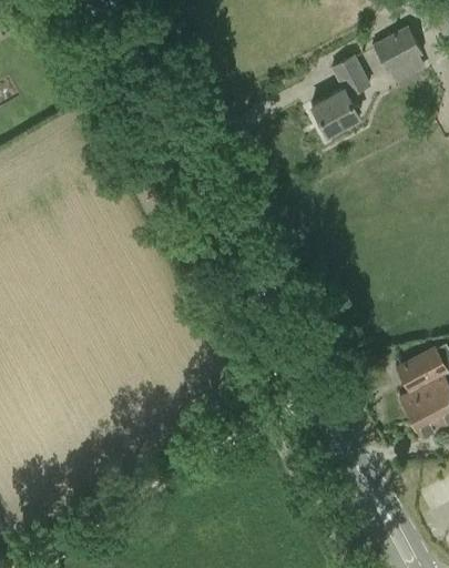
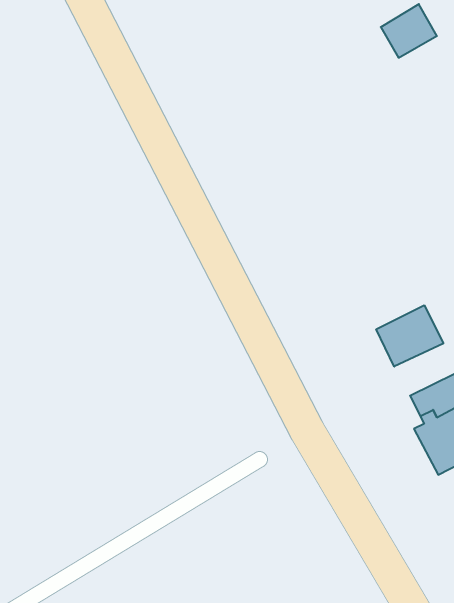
building: [312,58,370,135] -> none
building: none -> [376,305,443,367]

